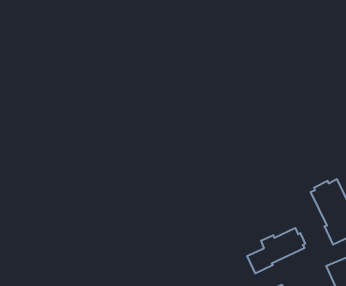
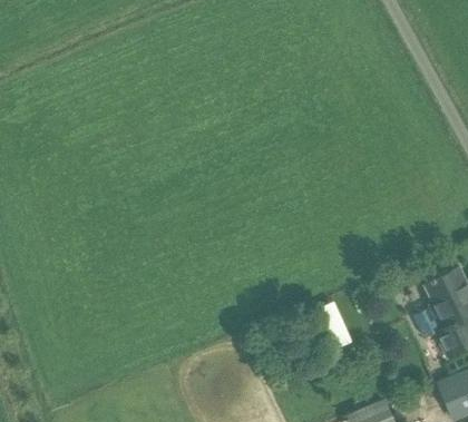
building: [247,228,305,273] -> none

